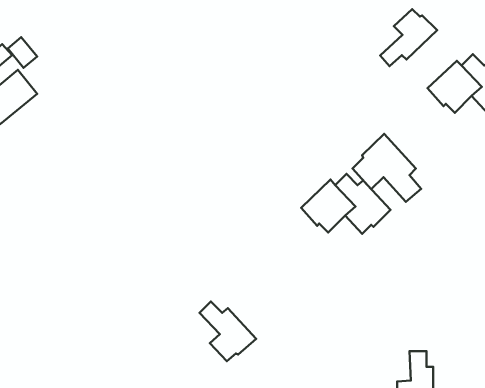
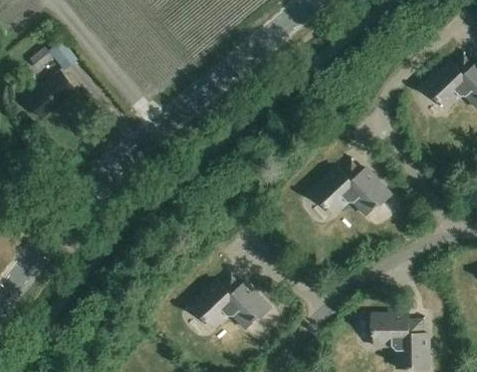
building: [380,9,437,66] -> none
building: [352,134,421,202] -> none
building: none -> [191,281,239,327]
building: none -> [372,313,409,346]

